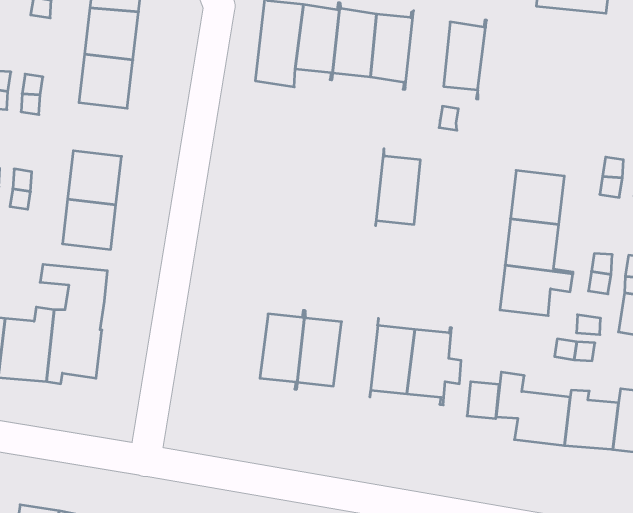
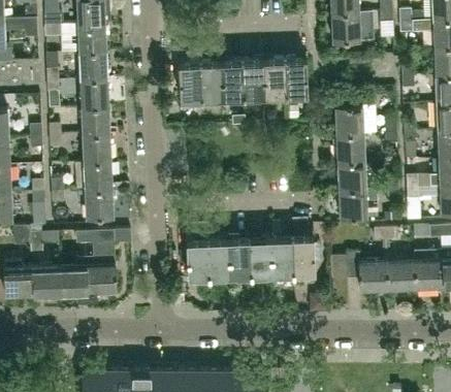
building: none -> [83,137,111,166]
building: none -> [335,107,364,138]
building: [376,149,420,226] -> [264,57,288,101]
building: none -> [186,238,210,284]
building: none -> [251,234,273,280]

